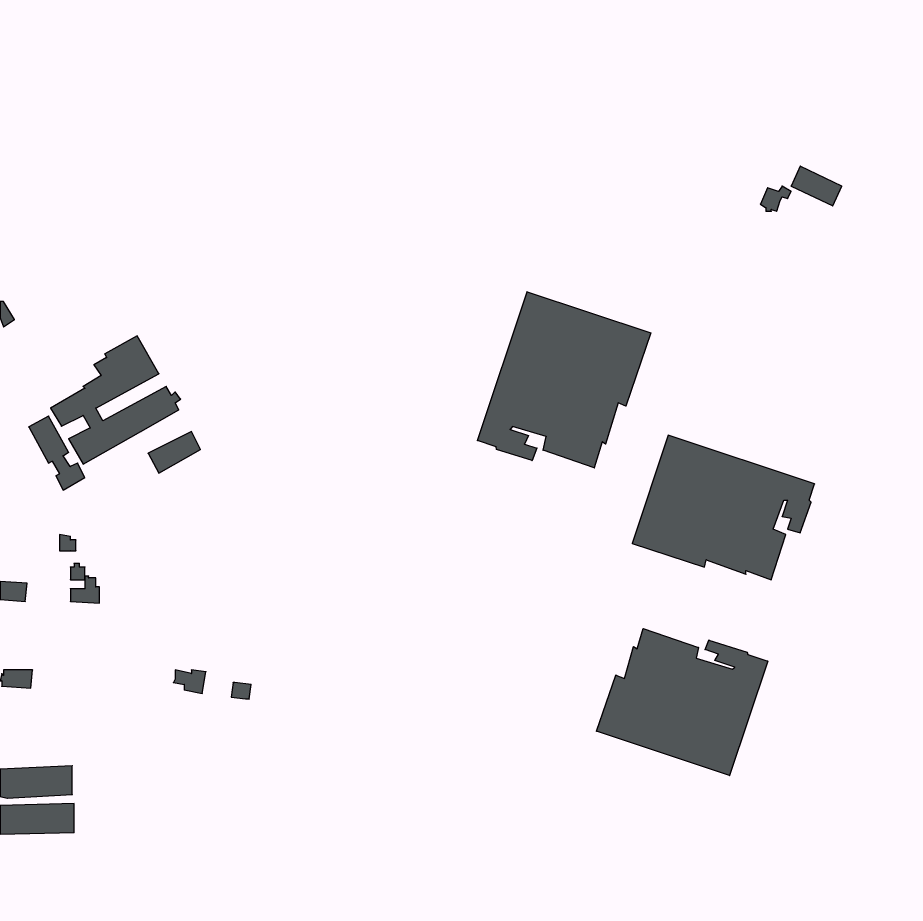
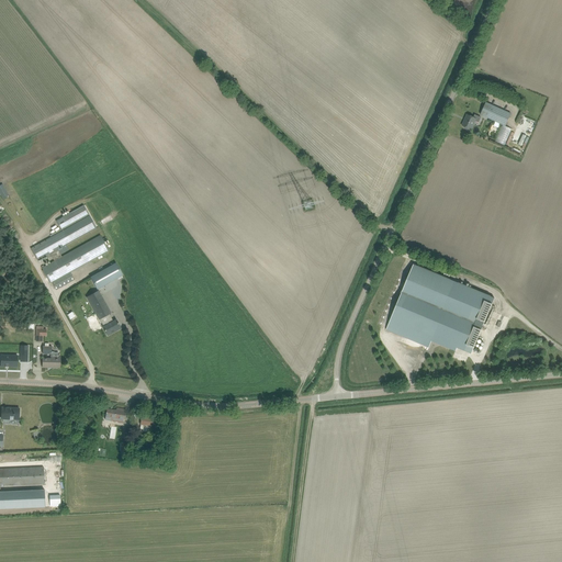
building: [477,292,651,468] -> none
building: [29,416,85,490] -> [87,290,121,335]
building: [596,629,768,776] -> none

